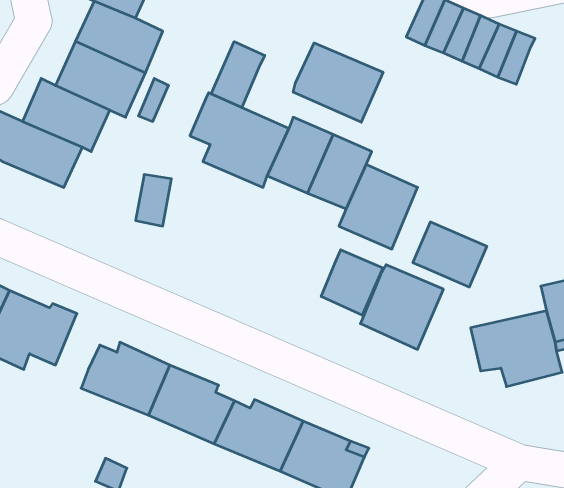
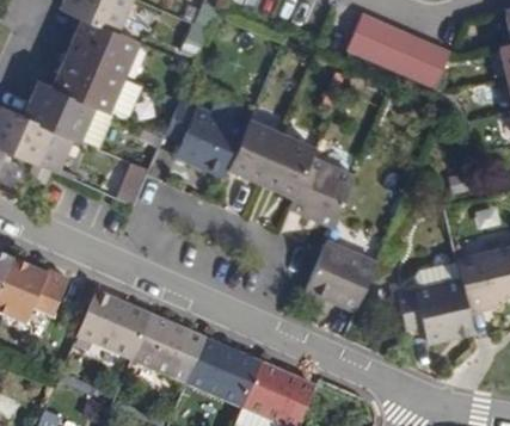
building: [211,42,265,108] -> none
building: [293,43,383,122] -> none
building: [413,222,487,287] -> none
building: [321,250,383,315] -> none

